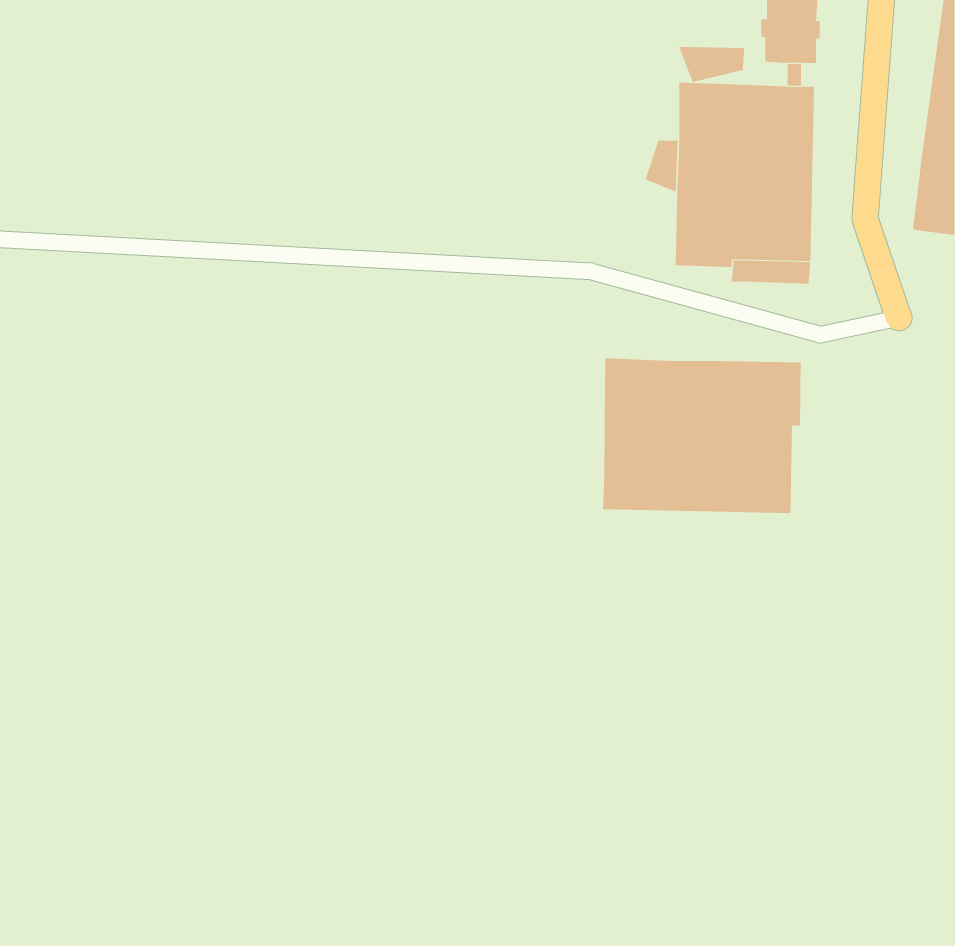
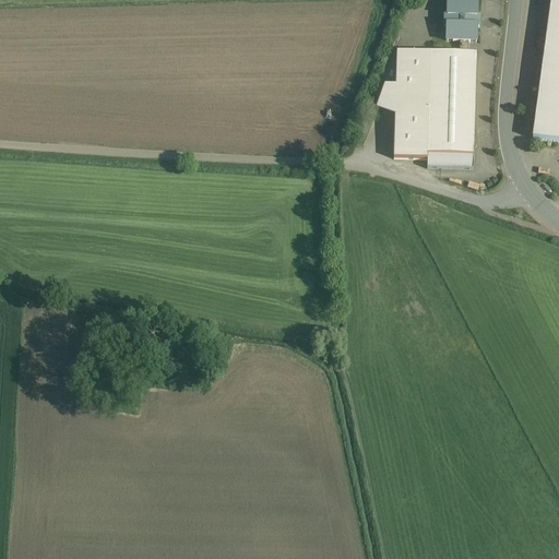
building: [678,46,745,83] -> none
building: [602,358,801,514] -> none

